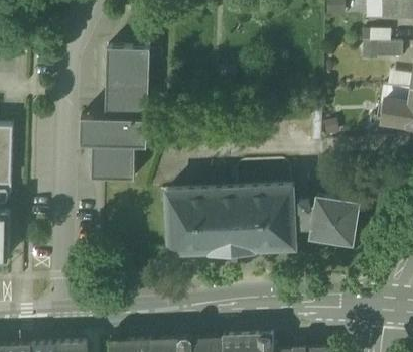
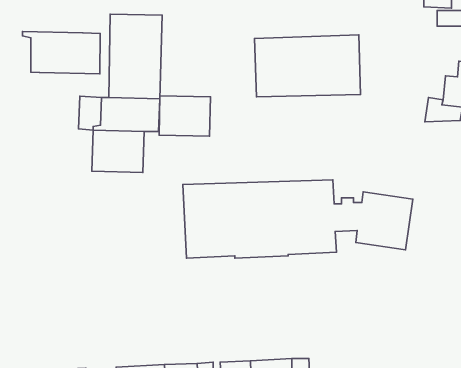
building: none -> [22,31,100,74]
building: none -> [255,35,361,97]
building: none -> [159,96,210,136]

